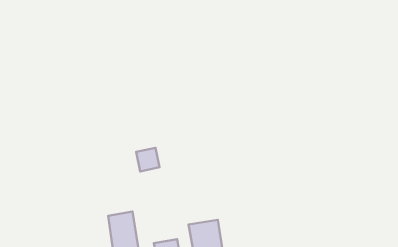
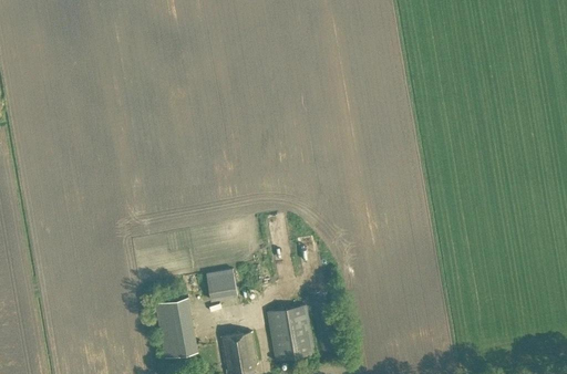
building: [136,148,160,171] -> [207,268,239,300]

